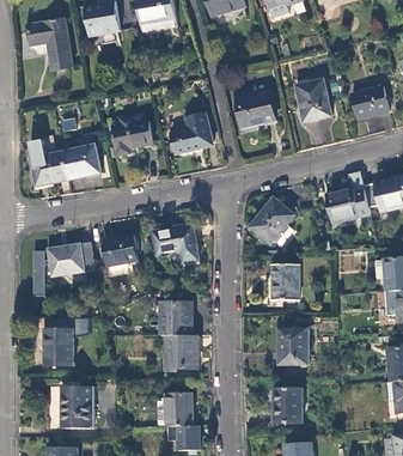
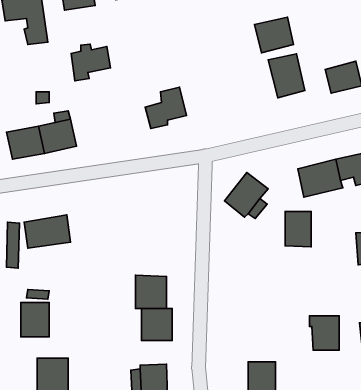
building: [234,92,274,128] -> [254,17,294,53]
building: [112,118,152,156] -> [71,44,110,81]
building: [153,225,199,262] -> none
building: [102,236,138,265] -> none
building: [271,266,298,302] -> [285,211,311,247]
building: [279,330,309,365] -> [309,316,339,350]

